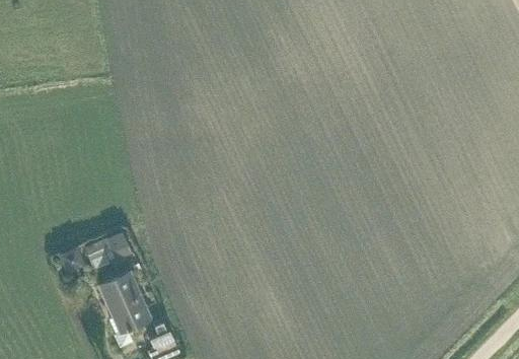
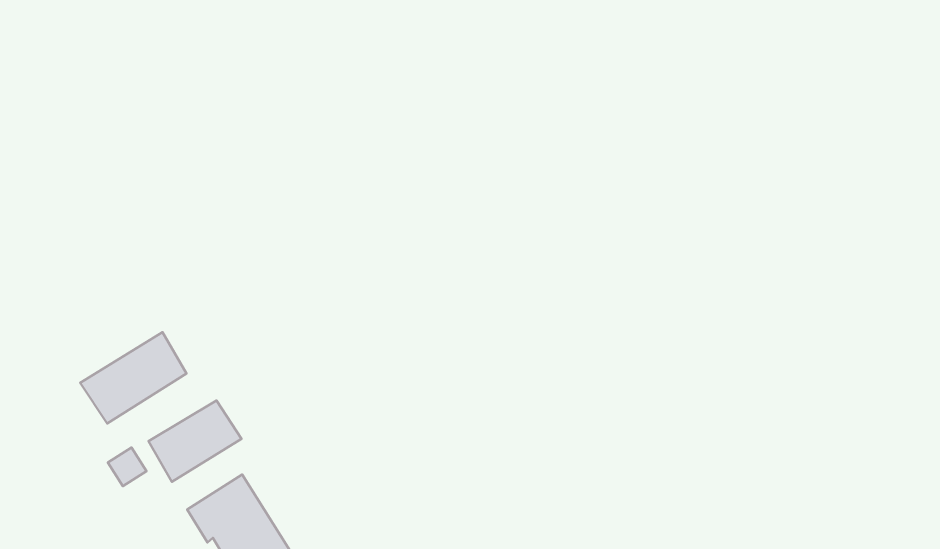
building: none -> [80,332,187,424]

